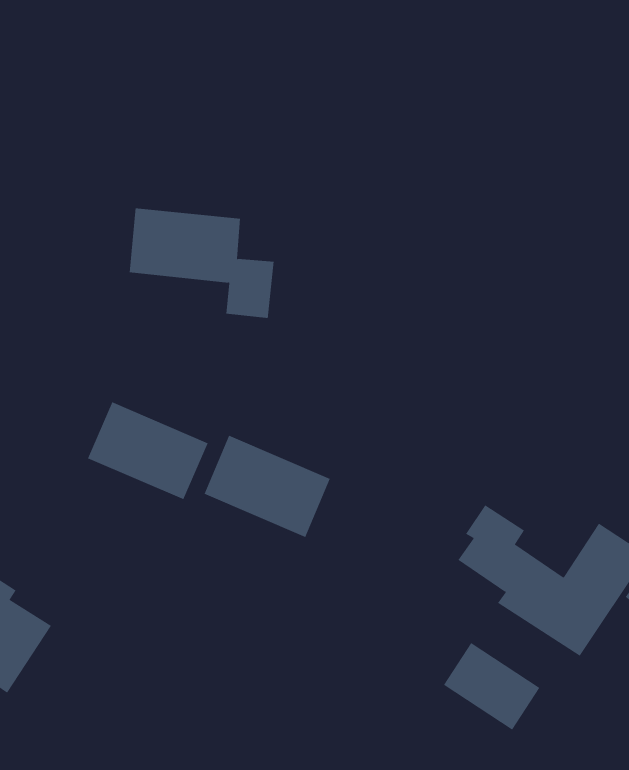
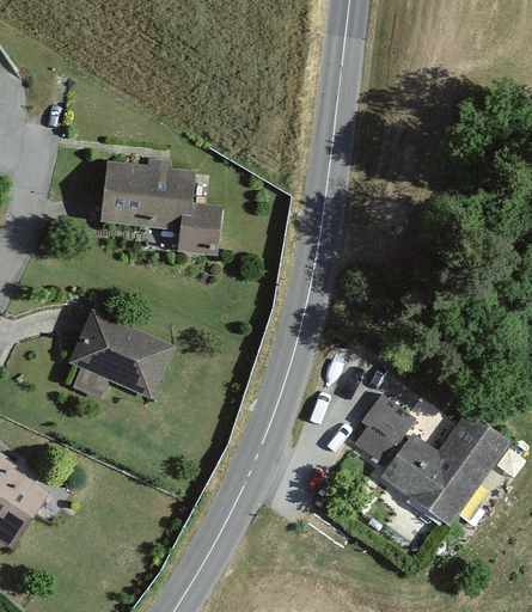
building: [204,435,331,538] -> none
building: [443,642,540,730] -> none

